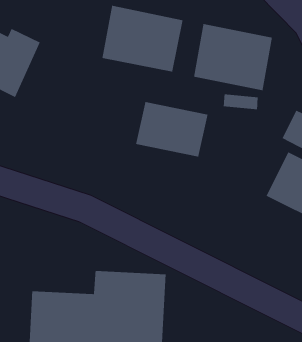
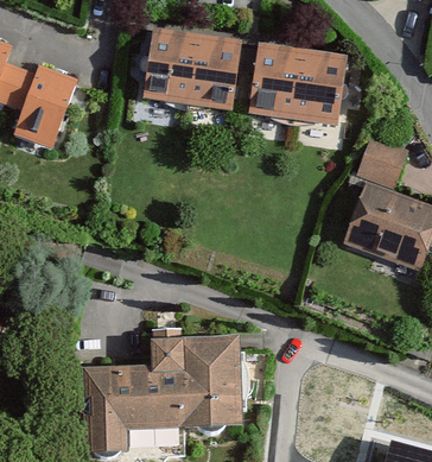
building: [135,101,209,158] -> none

